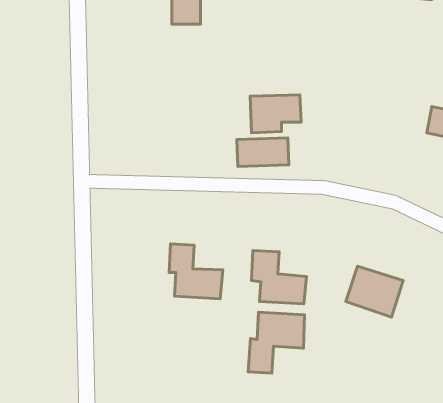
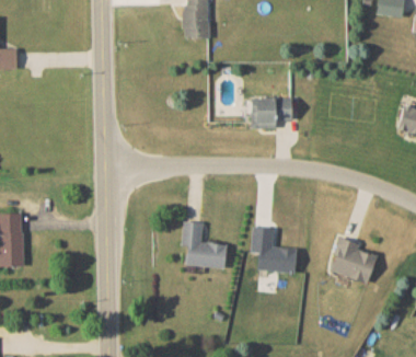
building: [237,138,289,167] -> none
building: [248,312,304,373] -> none

